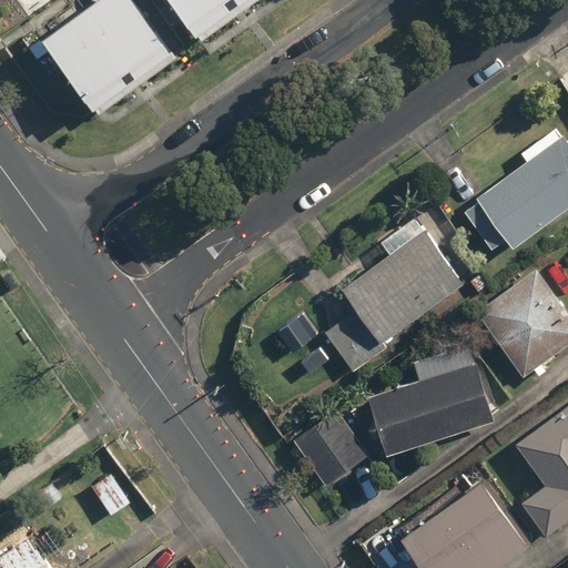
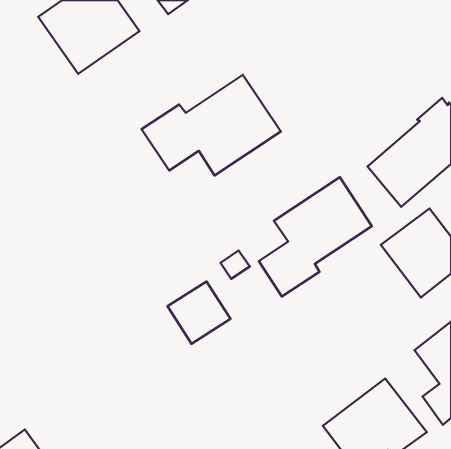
building: none -> [142,75,281,176]
building: [369,364,496,458] -> none
building: [290,412,368,489] -> [167,281,231,344]

